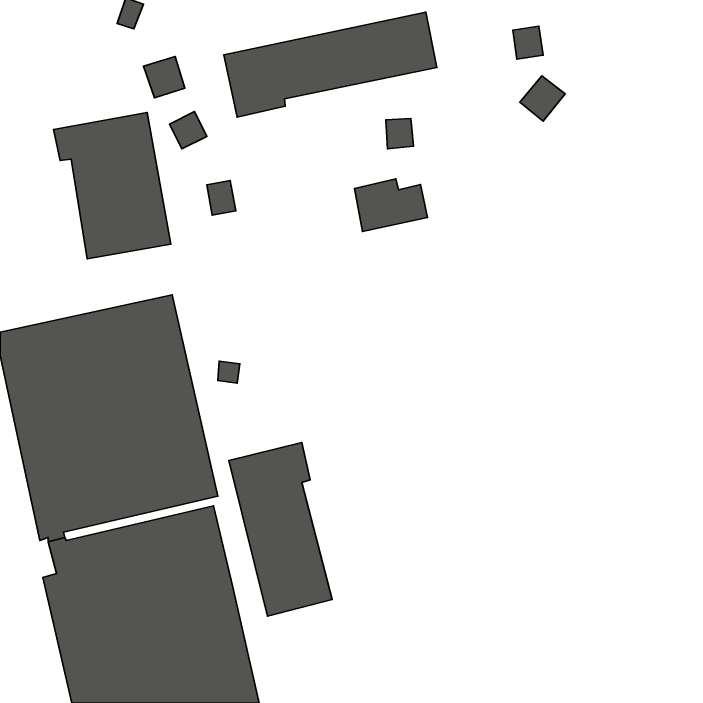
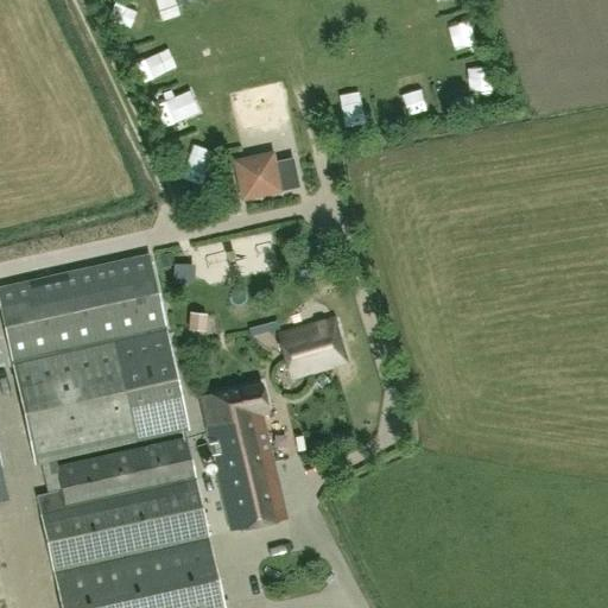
building: [224,12,437,117] -> none
building: [53,112,171,259] -> none
building: [354,179,427,231] -> [236,153,299,198]
building: none -> [280,318,348,376]

